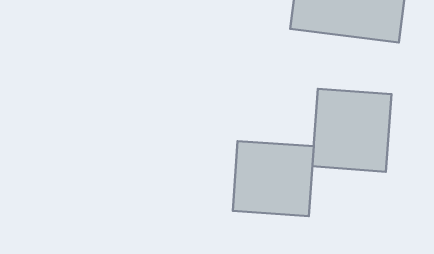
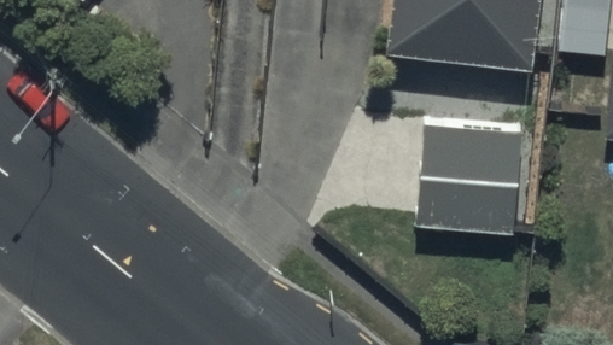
building: [233,141,314,216] -> none

